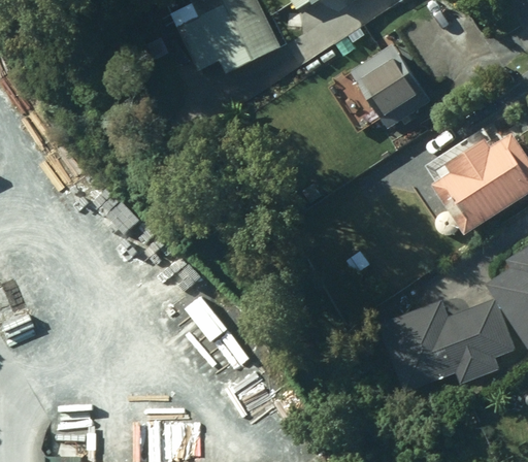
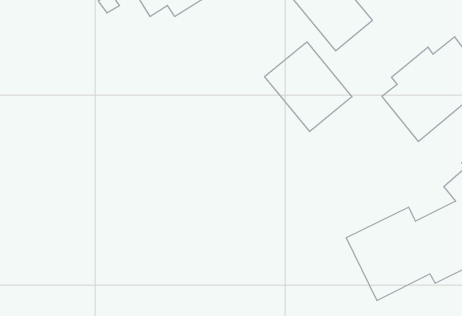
building: none -> [265,42,352,132]

